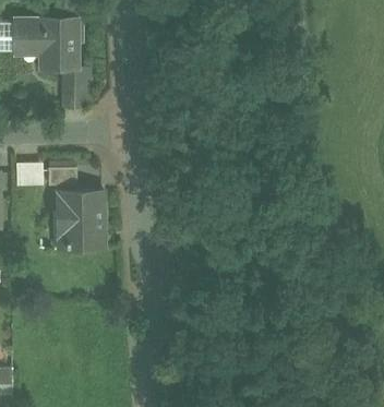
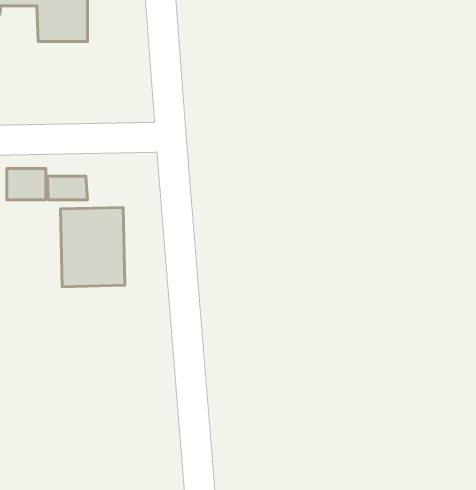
building: [63,69,89,106] -> none

